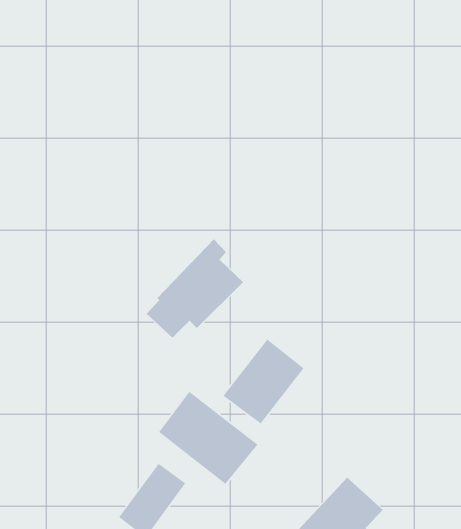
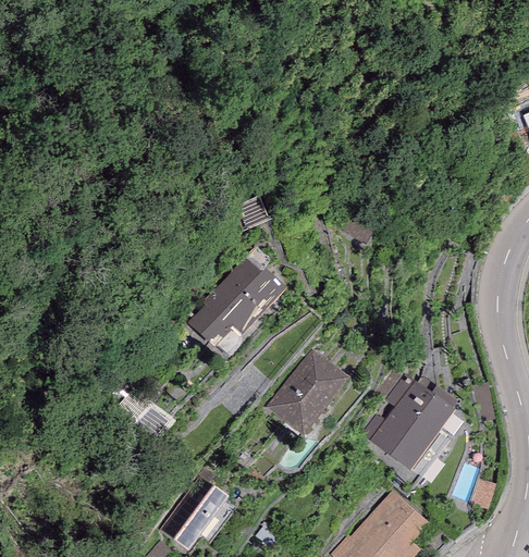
building: none -> [360,366,456,471]
building: [158,391,258,485] -> none

